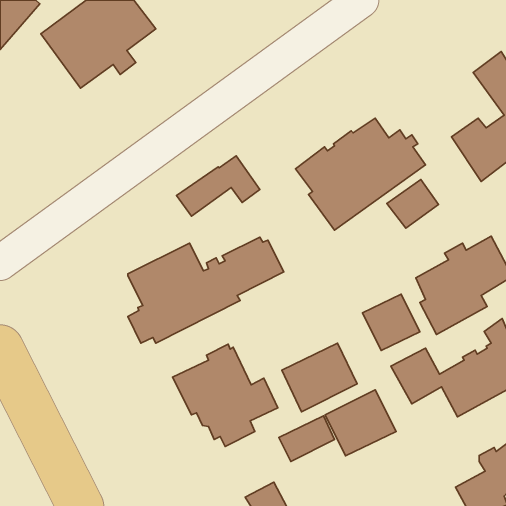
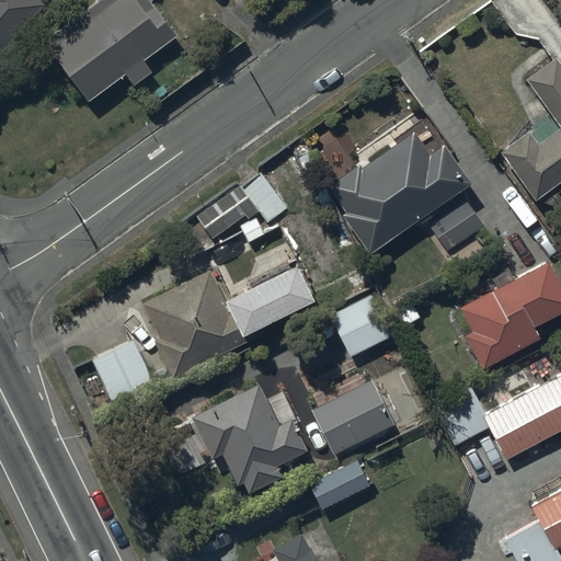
building: [362,294,420,351] -> [330,296,393,358]
building: none -> [92,340,154,402]
building: [325,390,396,456] -> none

